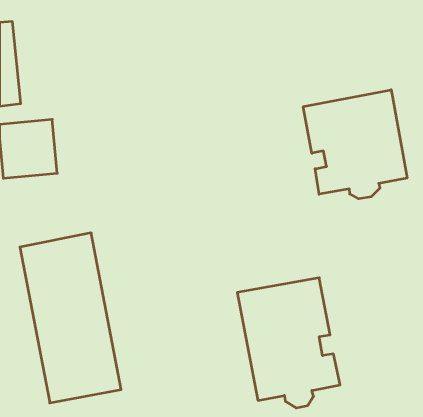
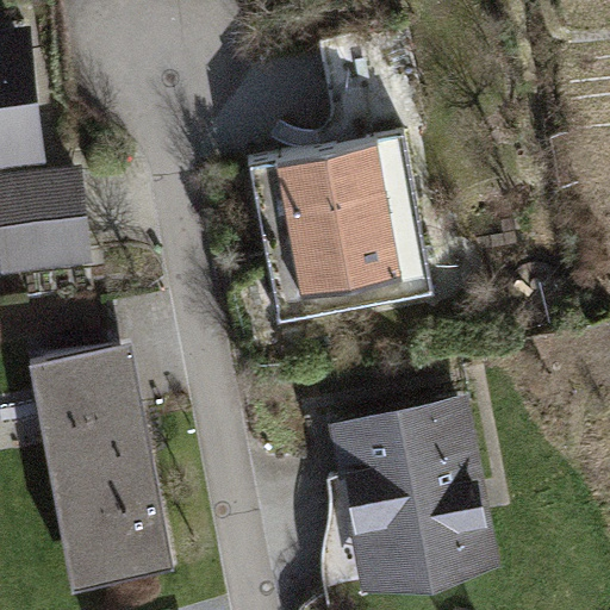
building: none -> [248,136,419,328]
building: [303,90,407,199] -> none

